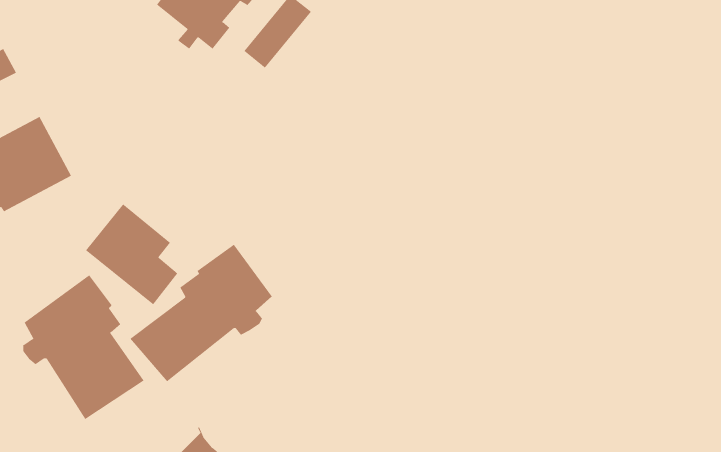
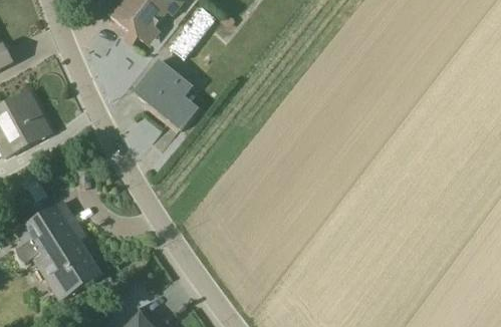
building: [85,204,178,305] -> [135,59,199,129]
building: [130,244,272,382] -> none

